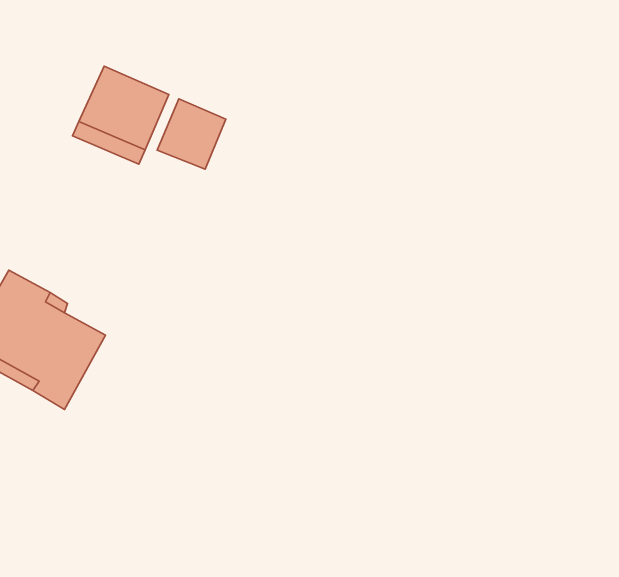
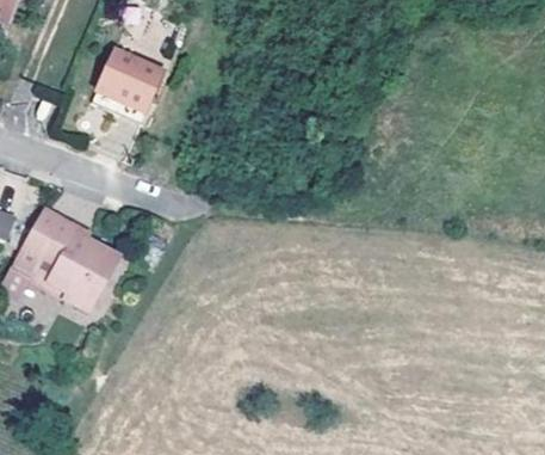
building: [157,99,226,169] -> none

